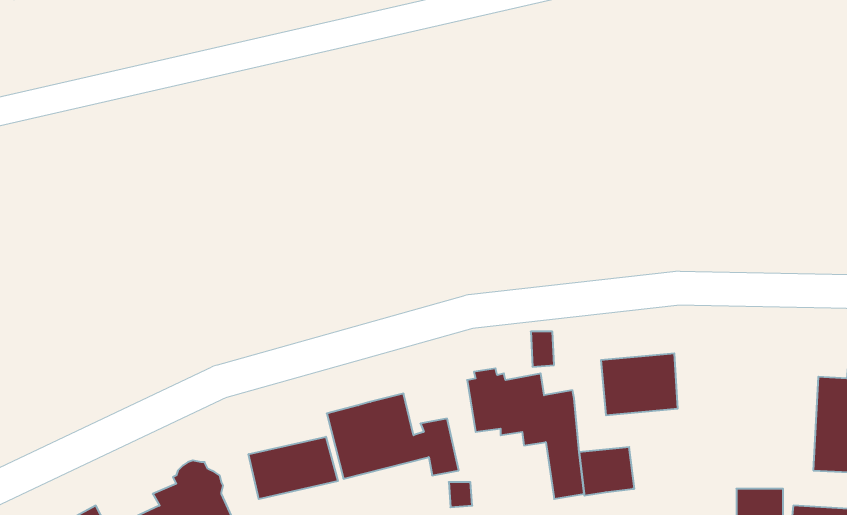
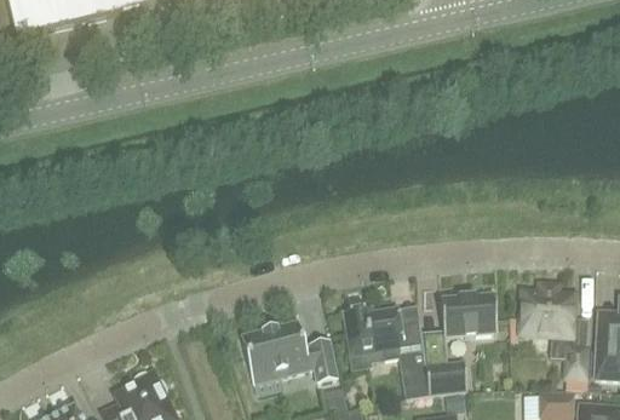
building: none -> [519,284,587,375]
building: [249,437,338,499] -> none

